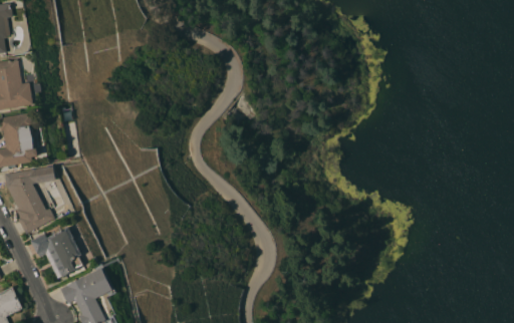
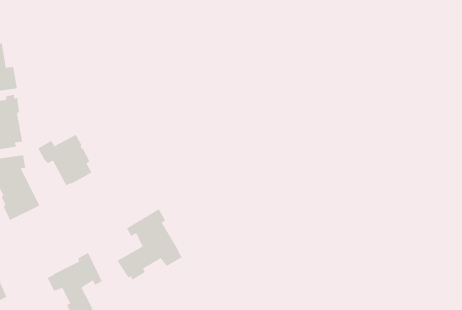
building: none -> [117,208,183,281]
building: [29,227,83,278] -> [37,134,93,186]

